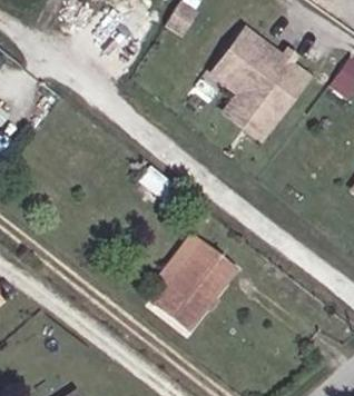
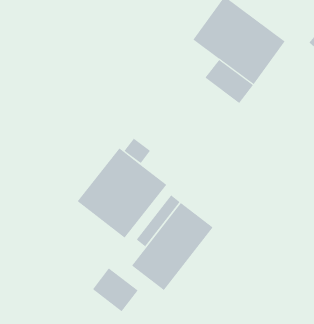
building: none -> [77,148,167,238]
building: none -> [92,267,138,312]

